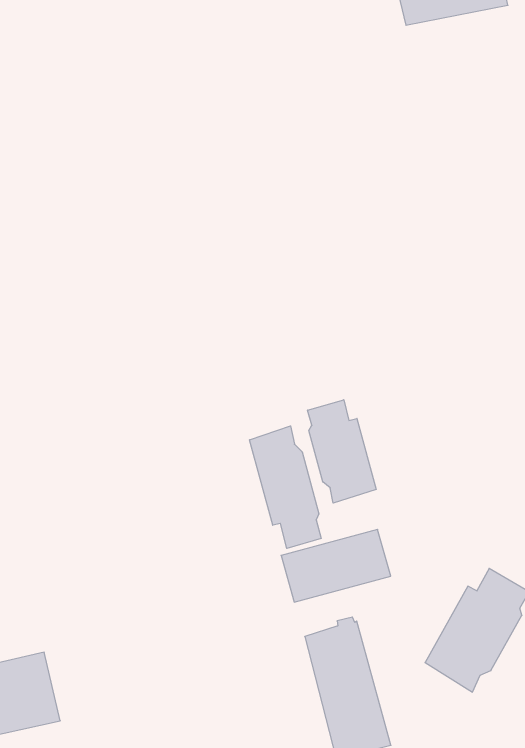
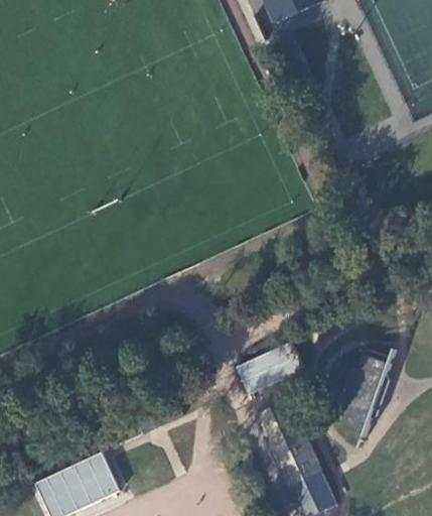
building: [308,400,376,503] -> none
building: [250,426,321,548] -> none

